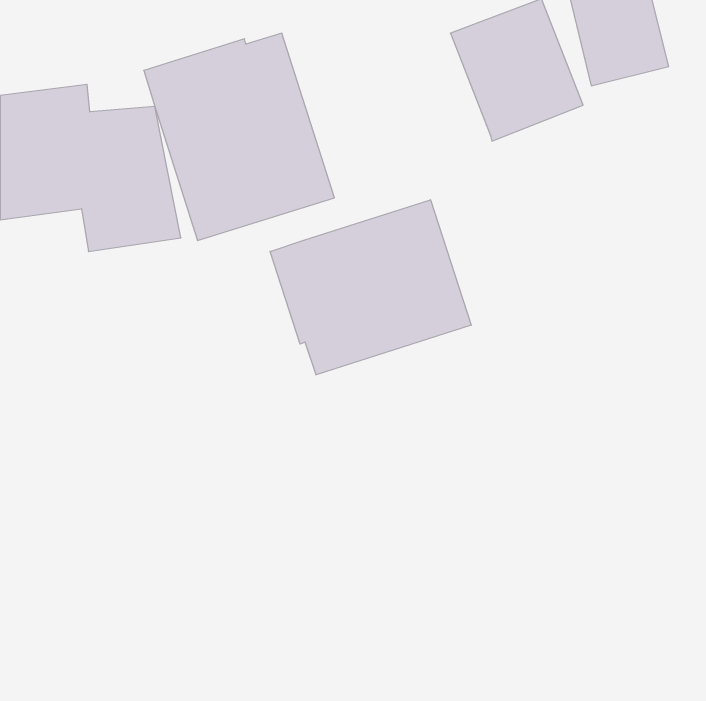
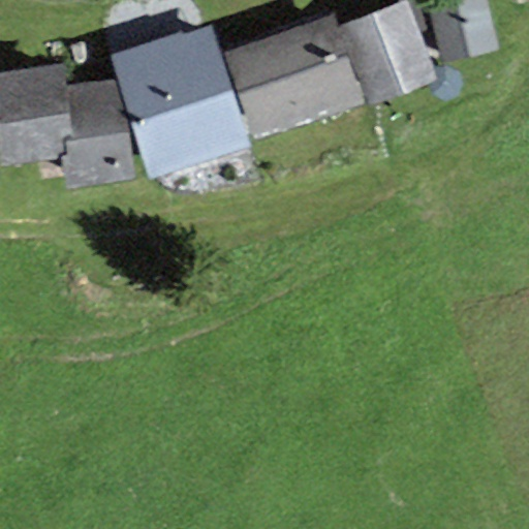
building: none -> [224,13,367,138]
building: [270,200,471,375] -> none

